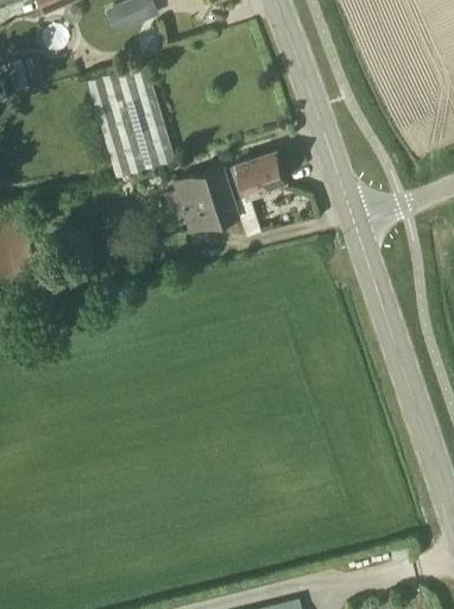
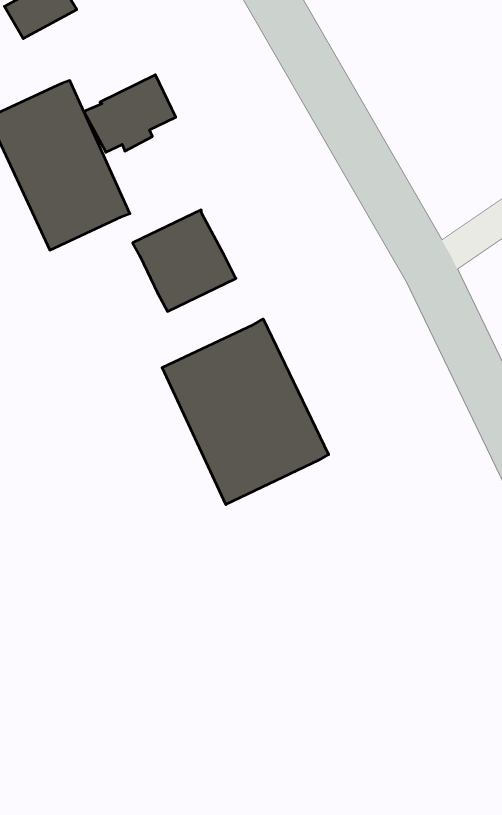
building: [221,151,283,200] -> [84,75,176,152]
building: none -> [162,319,329,505]

